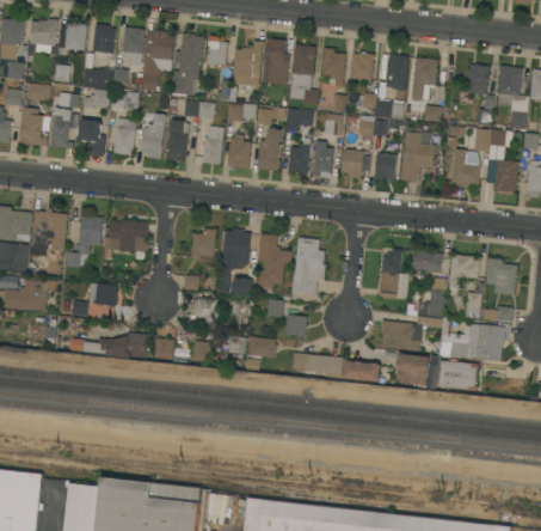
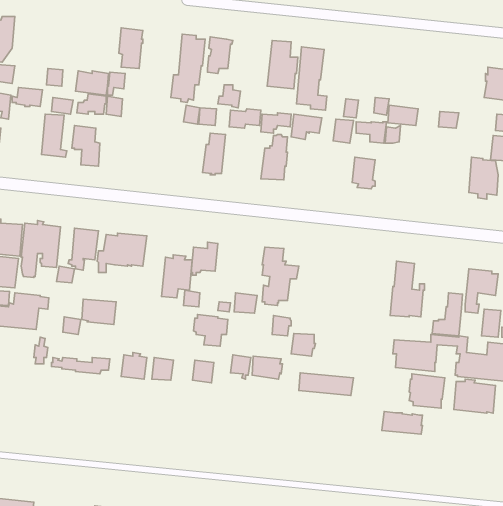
building: [30,18,59,53] -> none
building: [64,22,87,50] -> none
building: [93,23,116,54] -> none
building: [142,30,174,93] -> none
building: [234,39,263,86] -> none
building: [321,47,346,86] -> none
building: [351,51,375,80] -> none
building: [386,55,408,90] -> none
building: [412,57,438,99] -> none
building: [20,106,48,146] -> none
building: [113,117,136,155] -> none
building: [167,118,196,161] -> none
building: [142,128,165,158] -> none
building: [400,132,436,182] -> none
building: [228,134,251,167] -> none
building: [288,138,311,175] -> none
building: [313,140,333,177] -> none
building: [374,153,396,182] -> none
building: [222,227,251,268] -> [162,255,192,298]
building: [291,237,326,295] -> none
building: [414,250,443,271] -> none
building: [343,360,381,382] -> [382,411,422,434]

